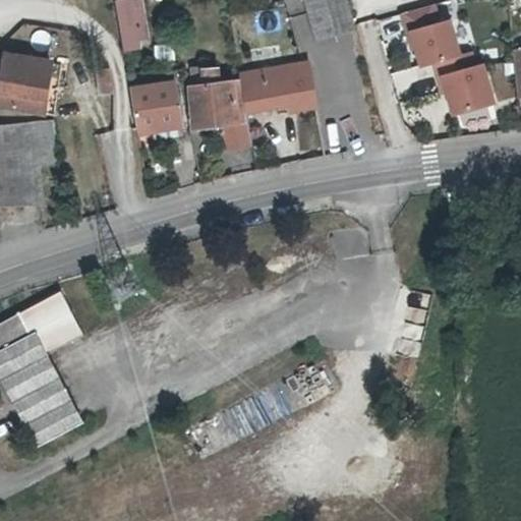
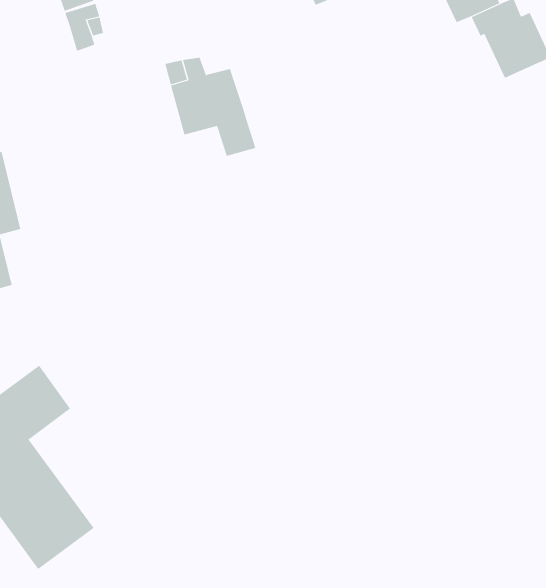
building: [239,59,316,113] -> none
building: [128,82,184,133] -> none

